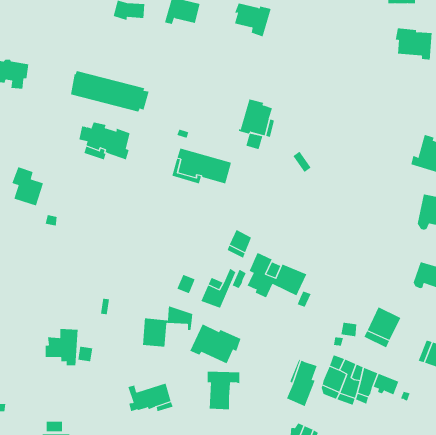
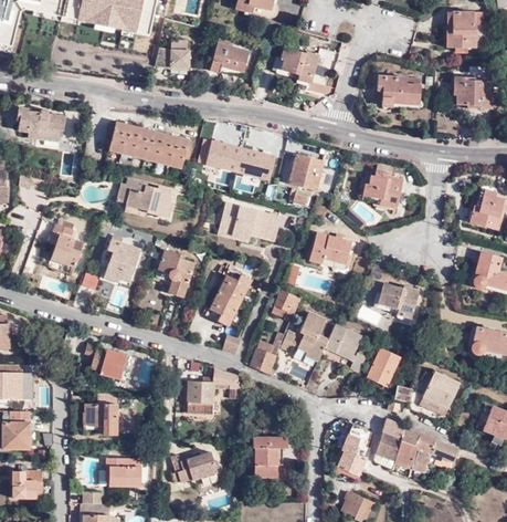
building: none -> [377,76,421,107]
building: none -> [199,138,275,179]
building: none -> [360,168,401,206]
building: none -> [309,232,350,263]
building: none -> [105,237,142,283]
building: none -> [159,248,197,297]
building: none -> [203,262,253,326]
building: none -> [382,282,421,315]
building: none -> [85,344,134,380]
building: none -> [367,348,400,387]
building: [190,324,241,364] -> none
building: none -> [107,458,141,487]

